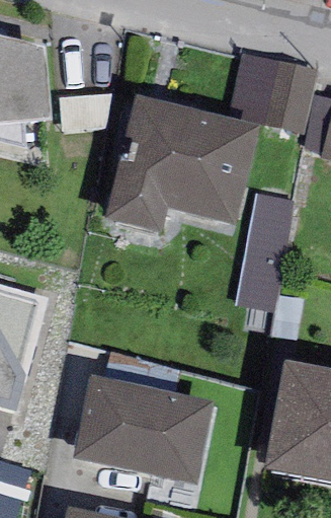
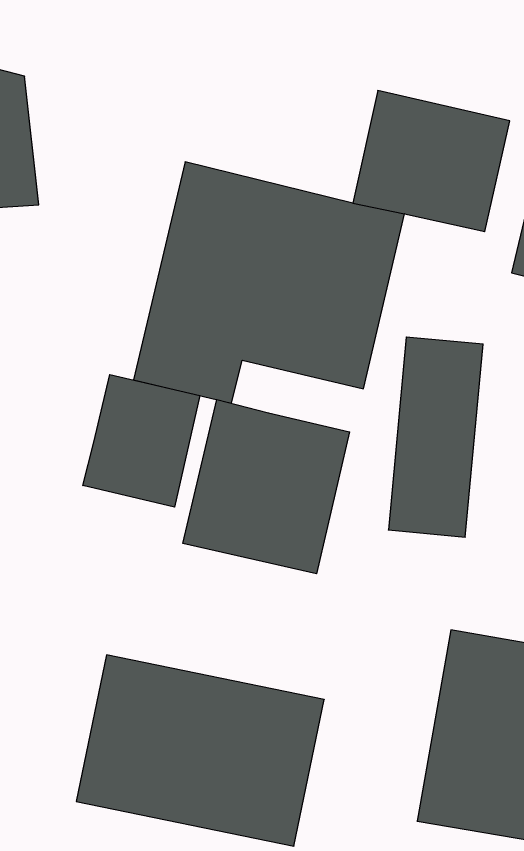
building: none -> [83,375,200,507]
building: none -> [183,400,350,574]

